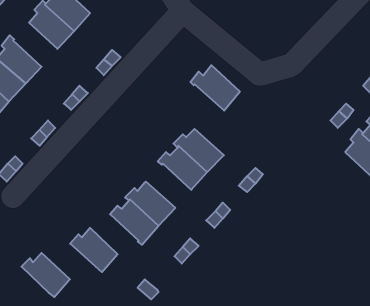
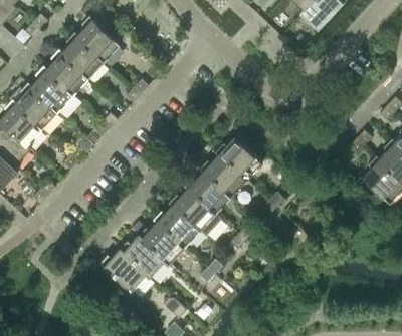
building: none -> [46,50,88,96]
building: [190,65,240,111] -> [215,137,262,181]
building: none -> [169,189,222,236]
building: [21,253,70,297] -> [120,237,166,279]

